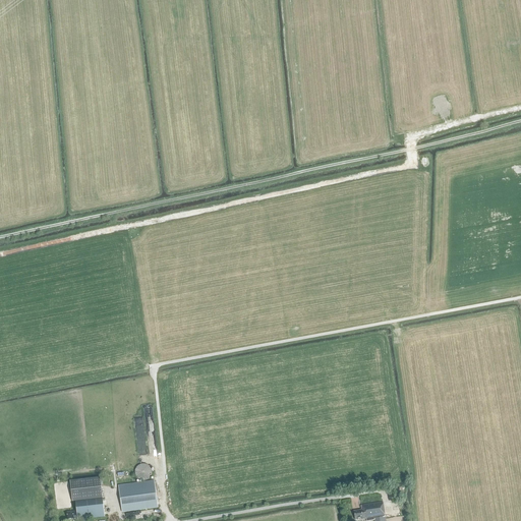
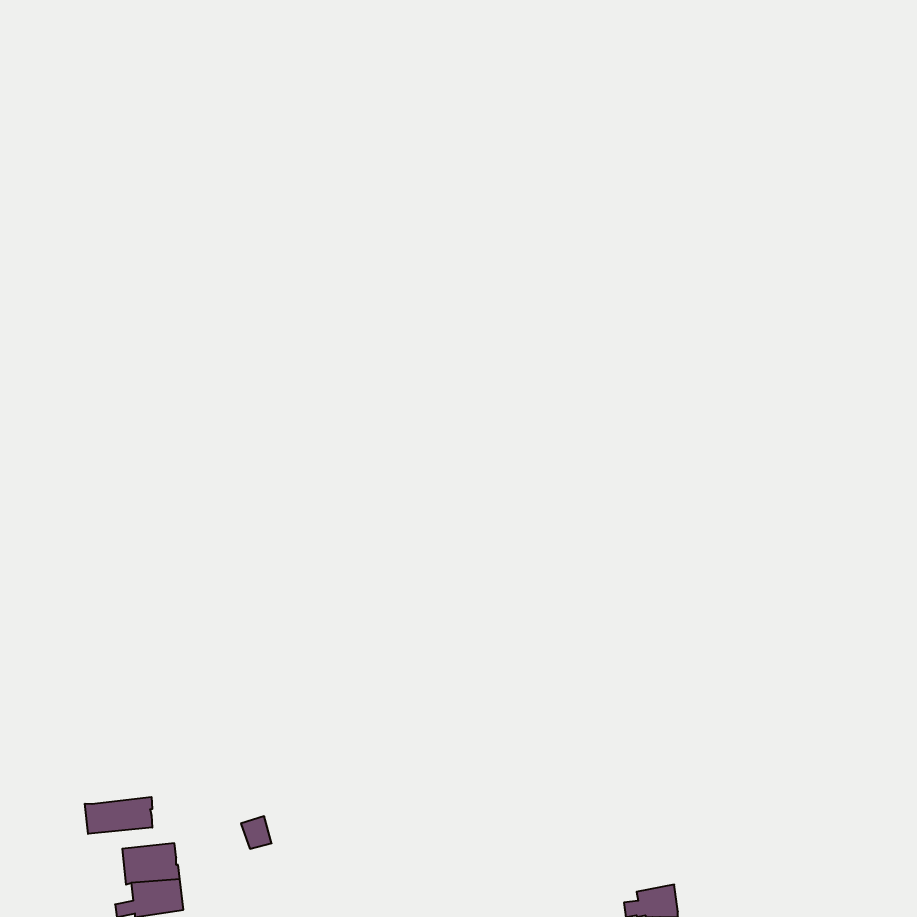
building: none -> [85,797,152,834]
building: [117,480,157,511] -> none

